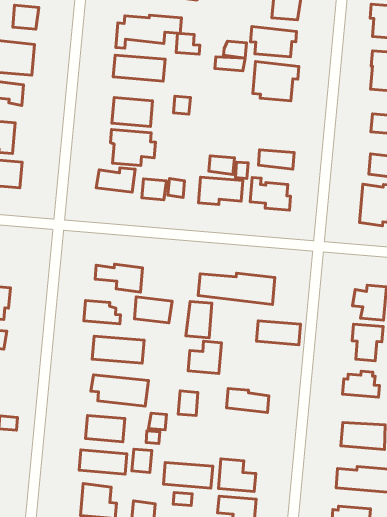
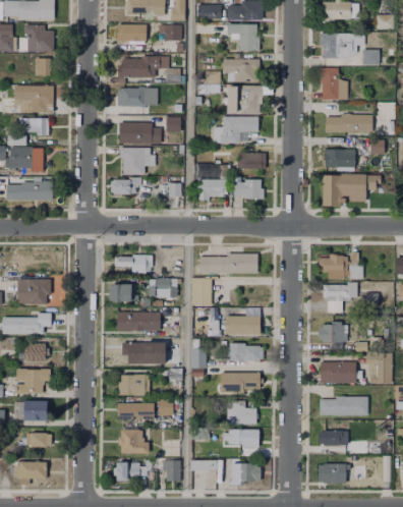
building: none -> [211,116,258,142]
building: [256,321,300,345] -> [226,317,260,333]
building: [163,462,213,488] -> [222,374,260,391]

